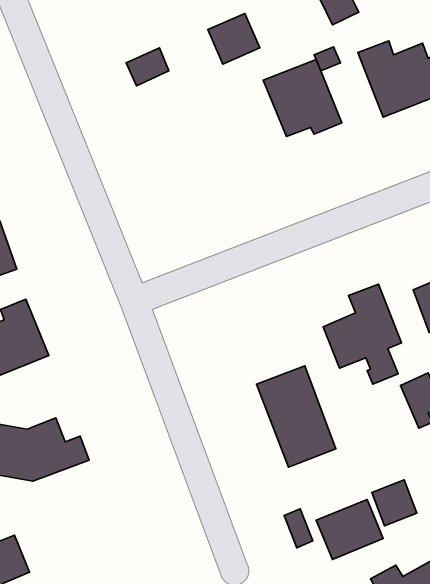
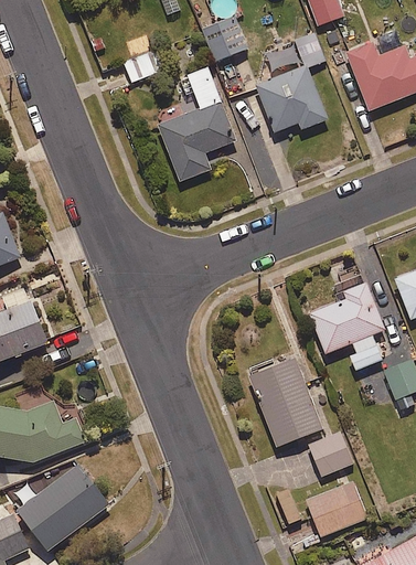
building: none -> [157,67,236,182]
building: [372,480,417,526] -> [309,433,352,477]
building: none -> [18,463,111,553]

